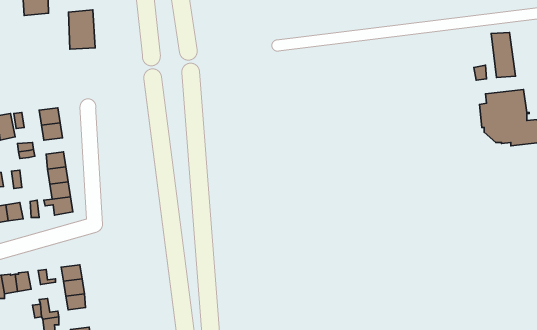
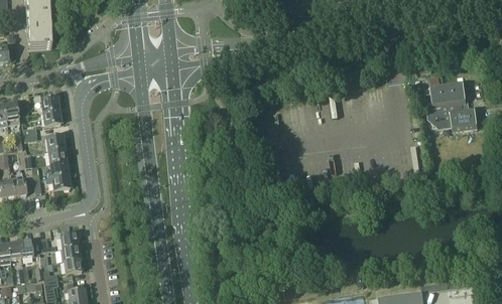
building: [69,10,95,49] -> [28,14,51,48]
building: [491,32,516,78] -> none

